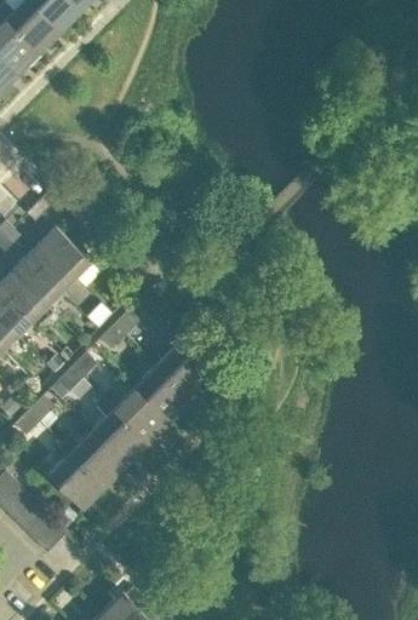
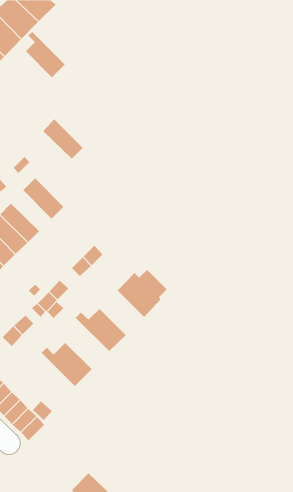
building: none -> [25,31,65,78]
building: [24,241,75,292] -> [43,119,83,159]
building: [134,366,190,421] -> none
building: [92,400,147,464] -> none
building: [47,443,104,509] -> none

